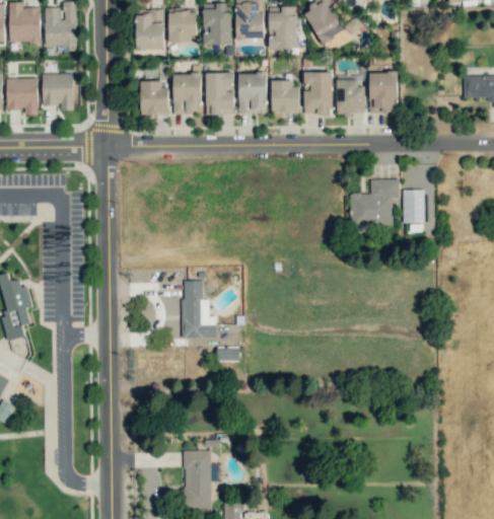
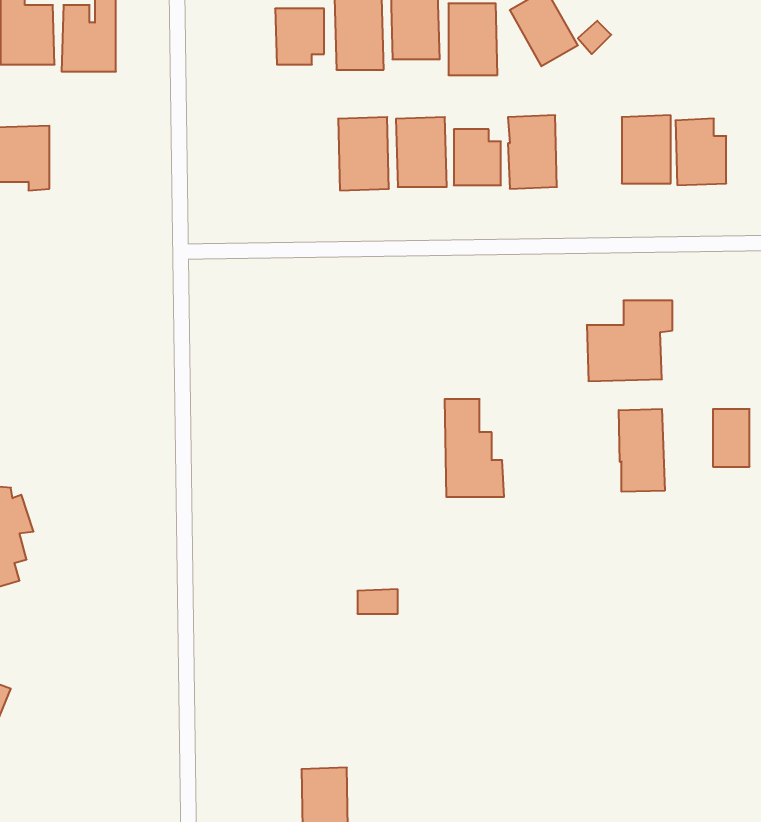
building: [136,10,165,51] -> none
building: [173,67,202,115] -> none
building: [43,74,74,112] -> none
building: [336,76,365,115] -> [675,119,726,185]
building: [140,81,169,115] -> none
building: [403,190,424,223] -> [713,409,750,467]
building: none -> [619,409,665,492]
building: [182,281,216,338] -> [445,399,504,497]

